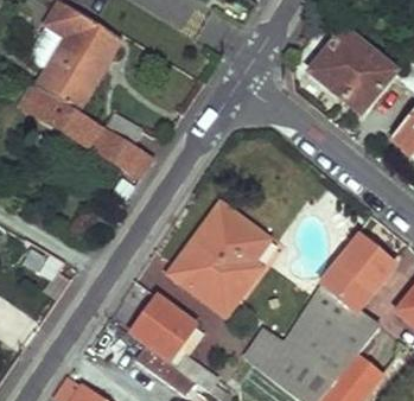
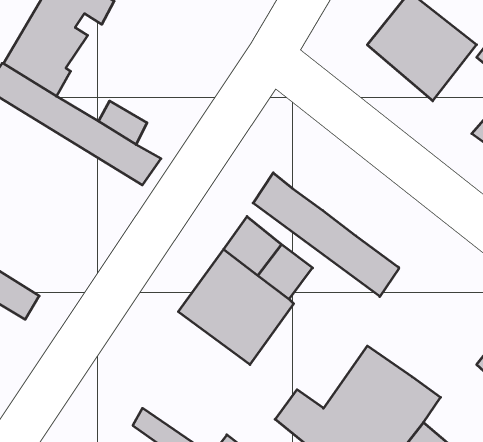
building: none -> [253,173,399,297]
building: [326,248,386,307] -> none
building: [129,295,191,357] -> none

